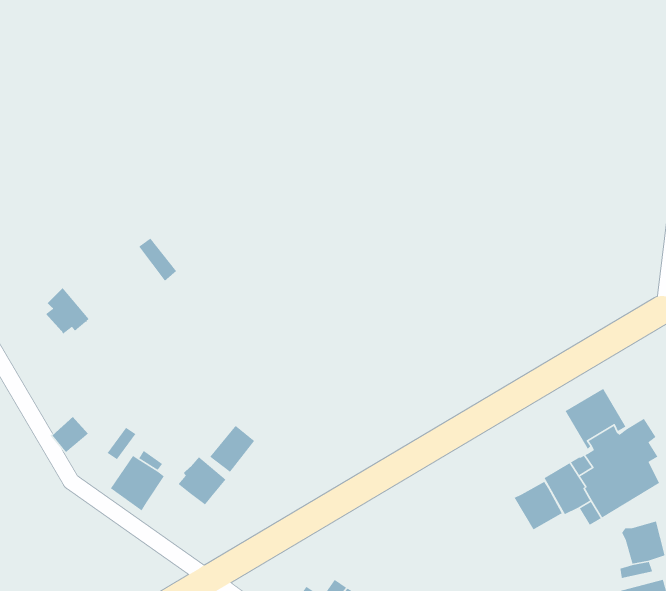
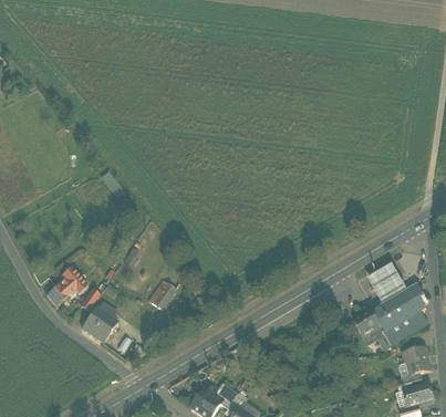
building: [45,287,89,335] -> [60,264,87,294]
building: [178,456,226,506] -> none
building: [513,481,563,530] -> none

